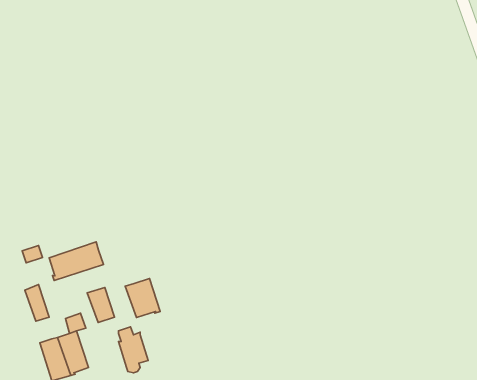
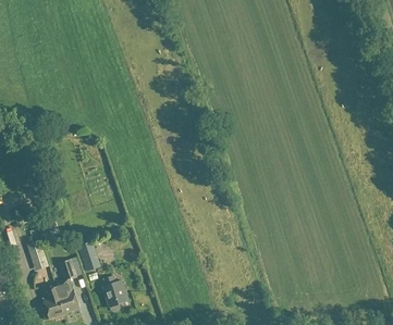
building: [49,242,104,280] -> none
building: [125,278,160,318] -> none

